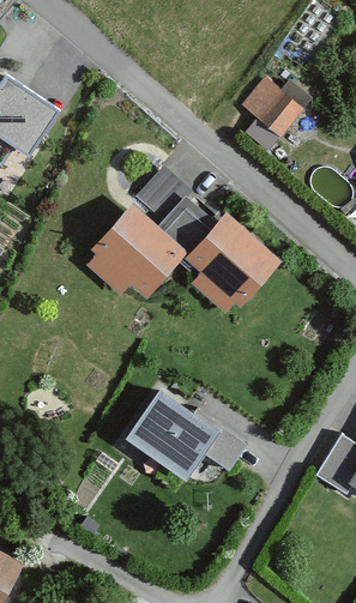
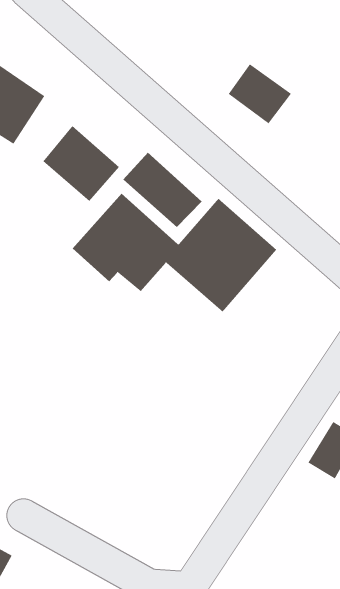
building: none -> [42,125,120,202]
building: [115,386,246,484] -> none

